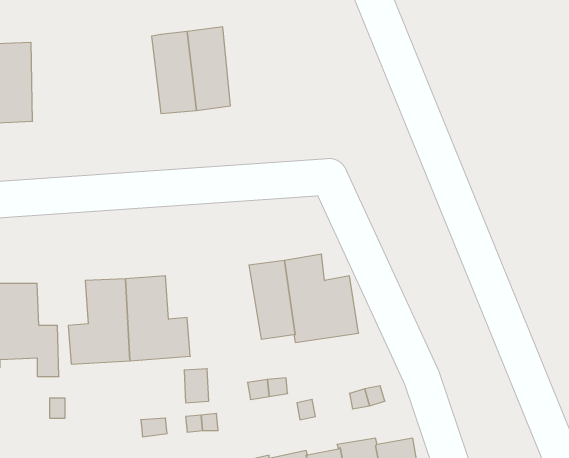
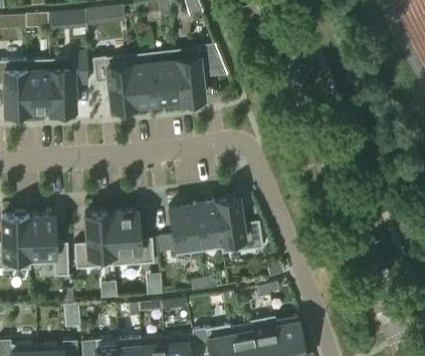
building: none -> [175,44,227,101]
building: none -> [50,53,87,115]
building: none -> [92,56,135,112]
building: none -> [169,205,200,257]

